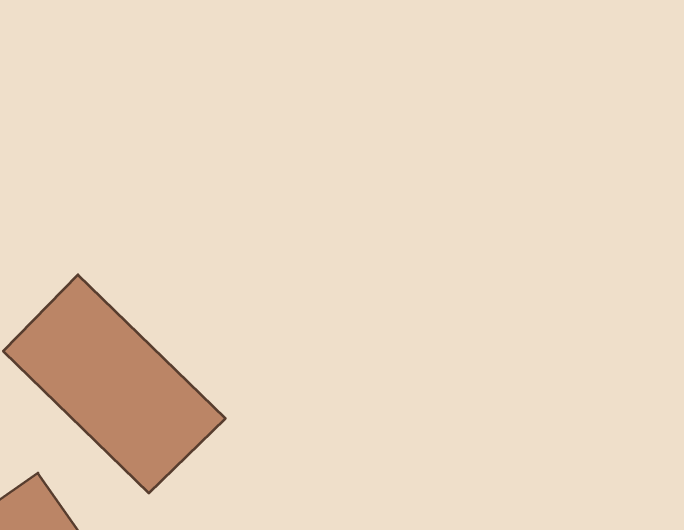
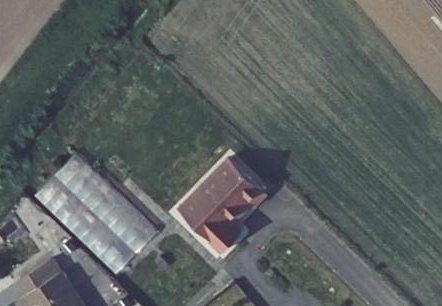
building: none -> [188,165,269,253]

